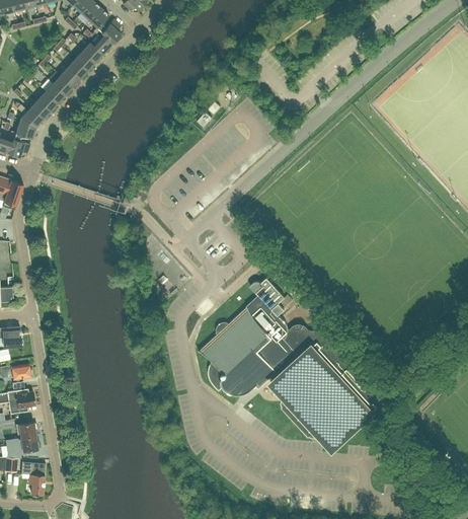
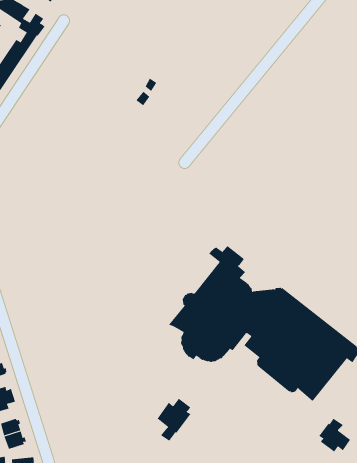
building: none -> [157,398,191,442]
building: none -> [318,418,351,452]

